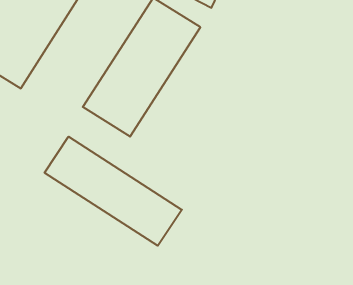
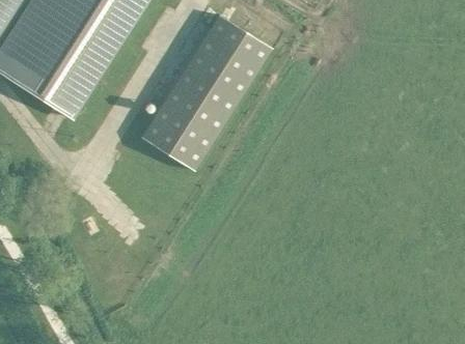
building: [45,137,182,246] -> none

